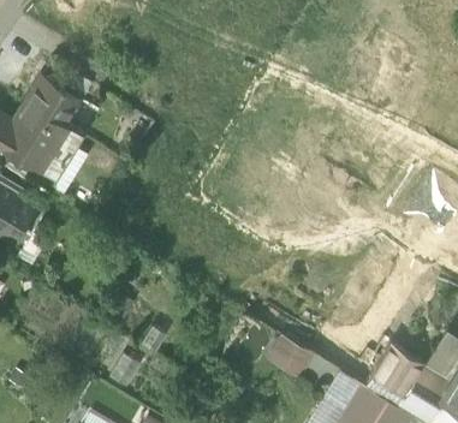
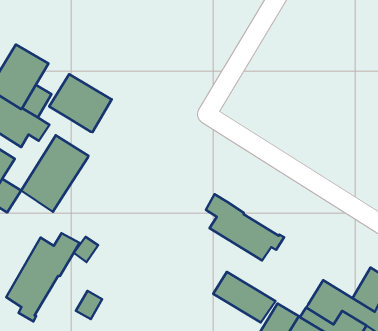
building: none -> [49,74,112,132]
building: none -> [21,135,88,212]
building: none -> [206,194,284,260]
building: none -> [6,233,79,322]

